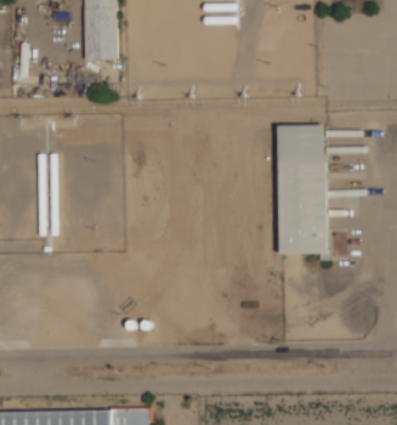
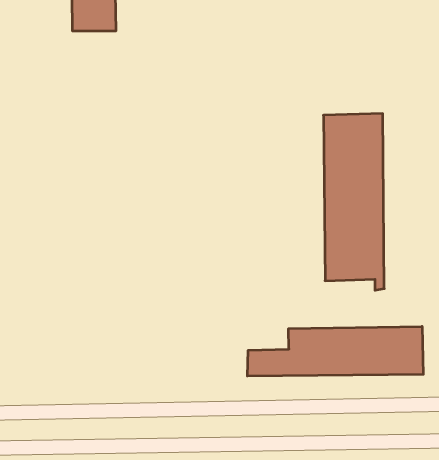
building: none -> [247,326,423,376]

